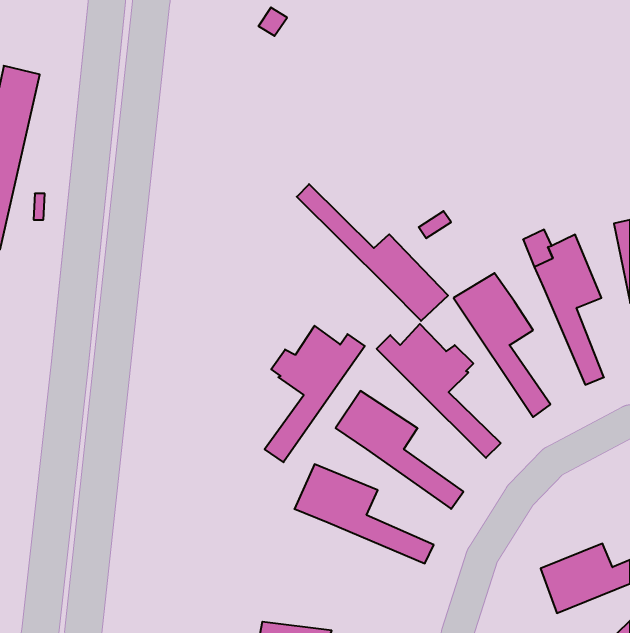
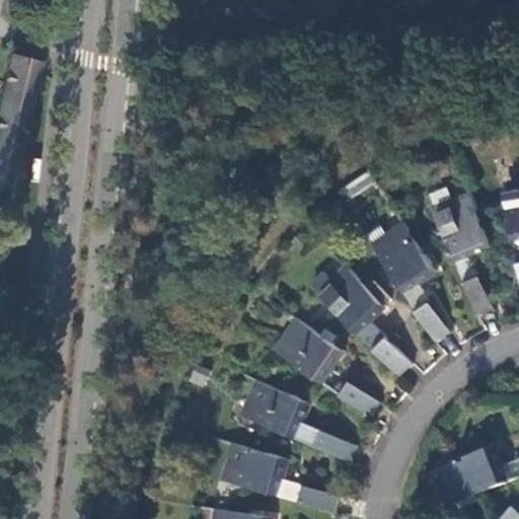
building: [297,184,448,321] -> none
building: [265,326,365,462] -> none
building: none -> [222,444,338,512]

